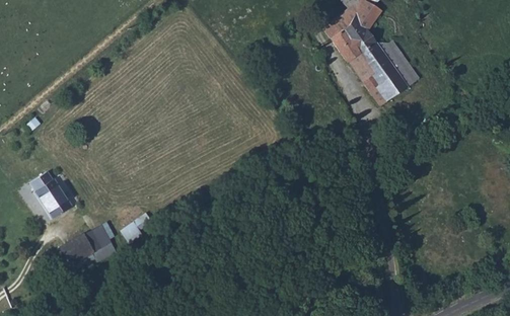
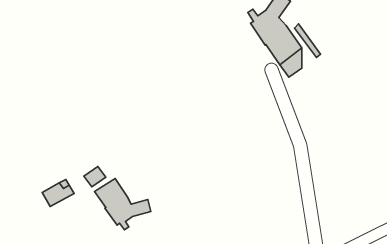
building: [369,43,407,95] -> none
building: [34,173,77,222] -> none
building: none -> [94,179,151,230]

